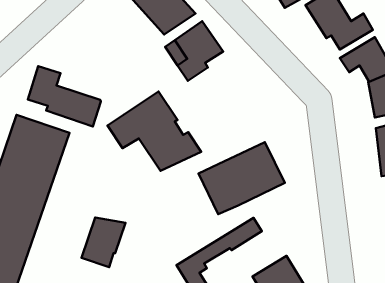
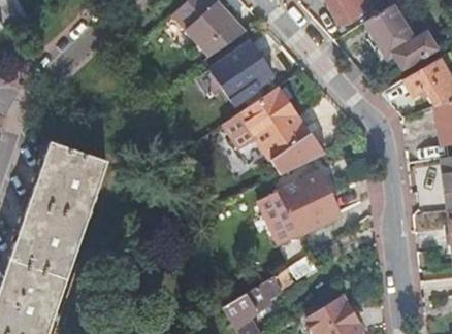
building: [28,66,101,126] -> none
building: [107,91,201,171] -> [223,87,325,173]
building: [81,217,126,267] -> none

